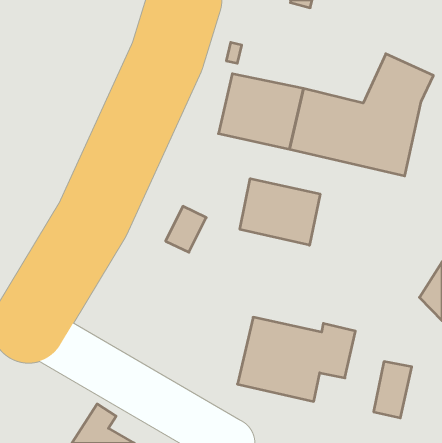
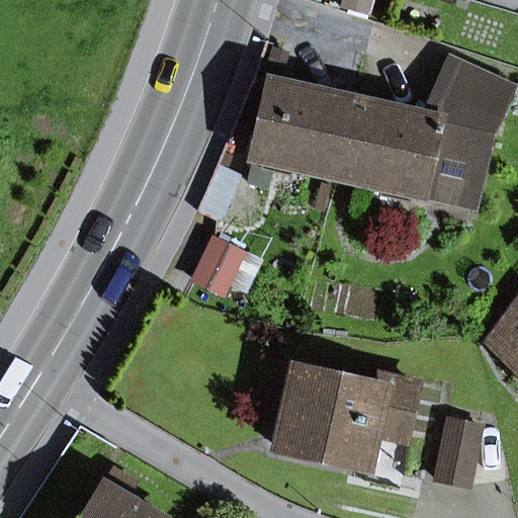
building: [240,179,320,245] -> none

